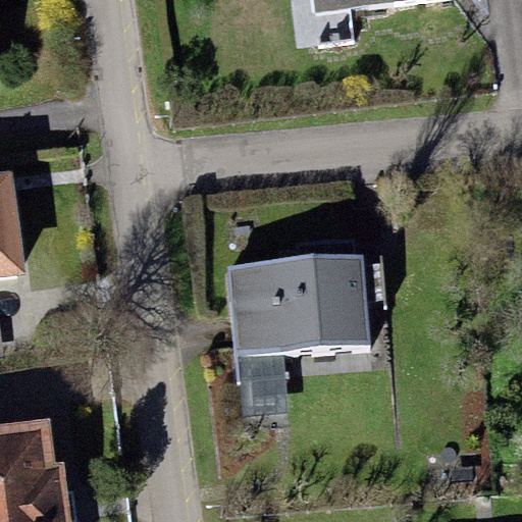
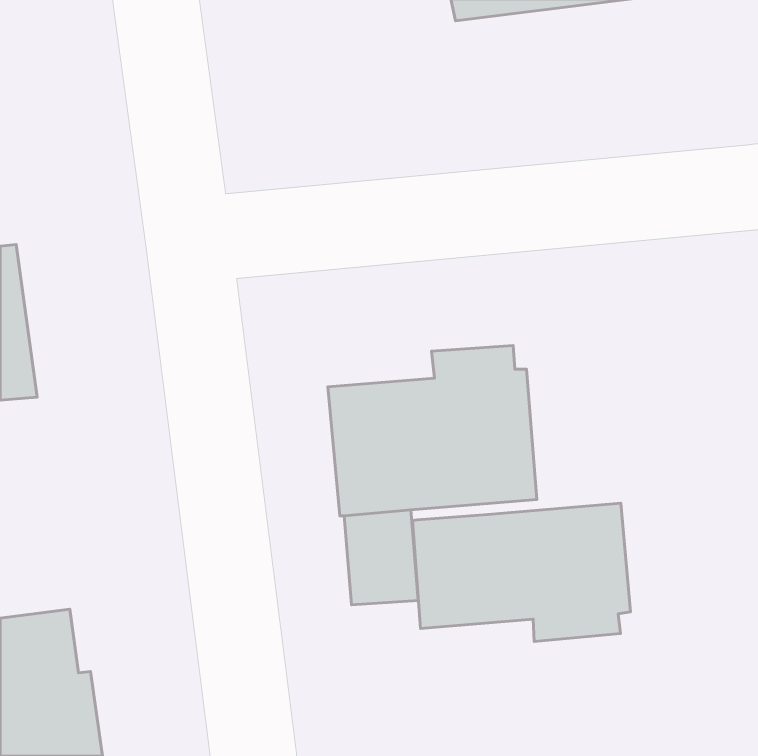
building: none -> [413,503,631,641]

